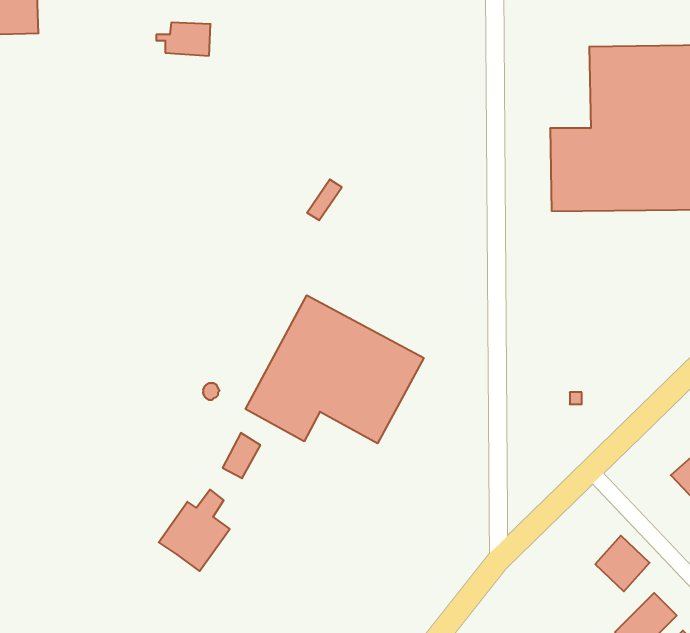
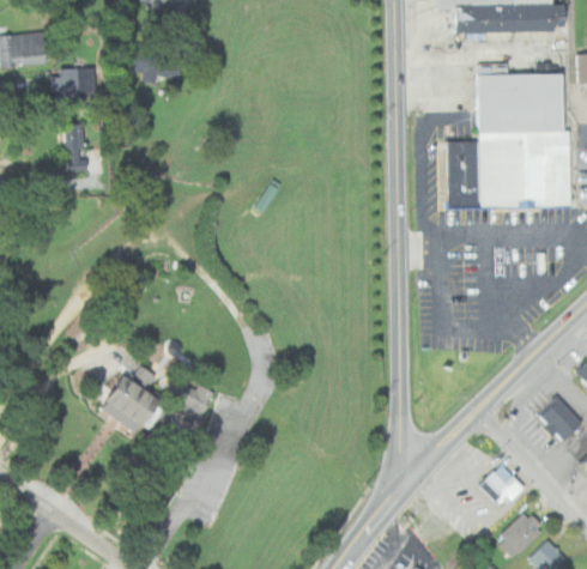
building: none -> [49,68,85,97]
building: none -> [61,122,81,170]
building: [246,295,424,443] -> none
building: [159,490,230,571] -> [104,365,161,430]

